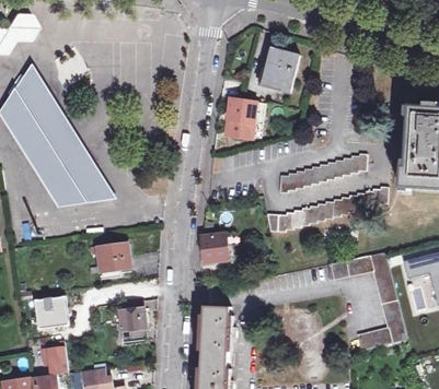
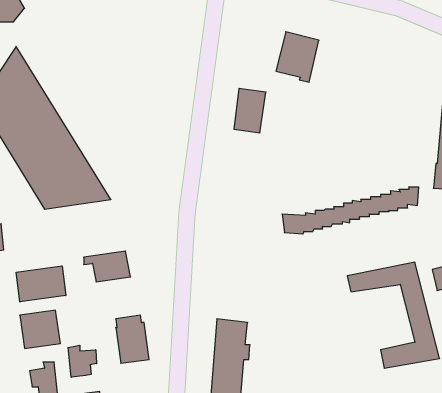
building: [272,152,365,191] -> none
building: [200,233,229,263] -> none
building: none -> [16,266,66,302]
building: none -> [68,345,97,377]

